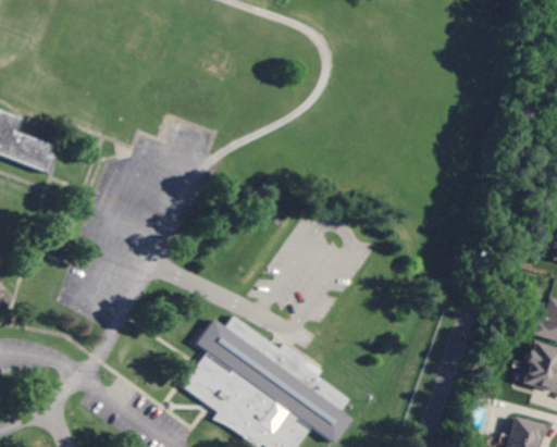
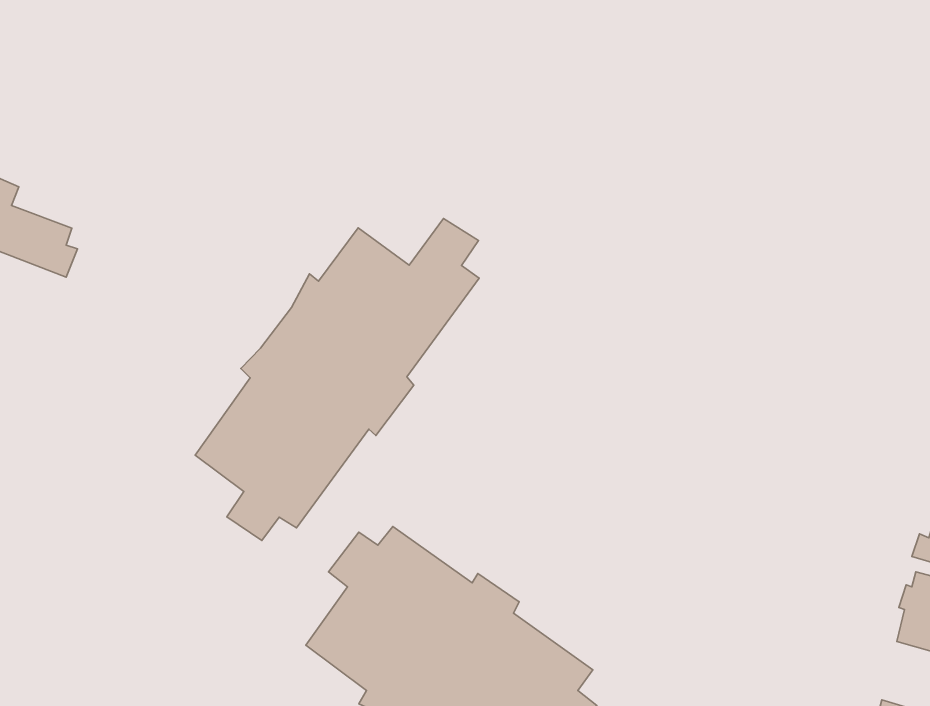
building: none -> [195,219,479,540]

